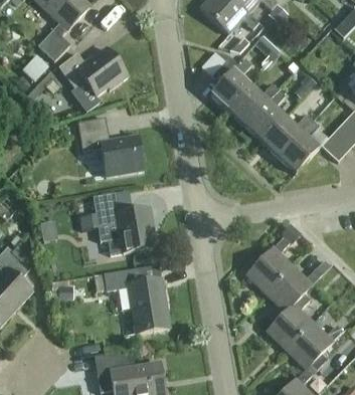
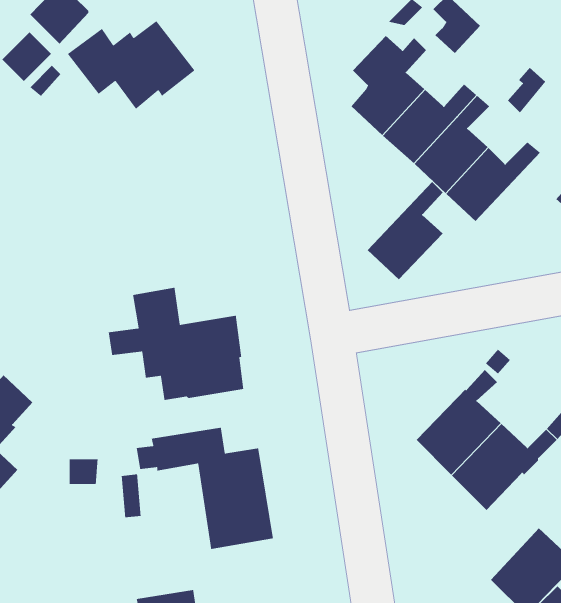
building: [77,117,143,176] -> none
building: [278,120,319,173] -> [367,181,443,280]
building: [265,292,312,350] -> none

